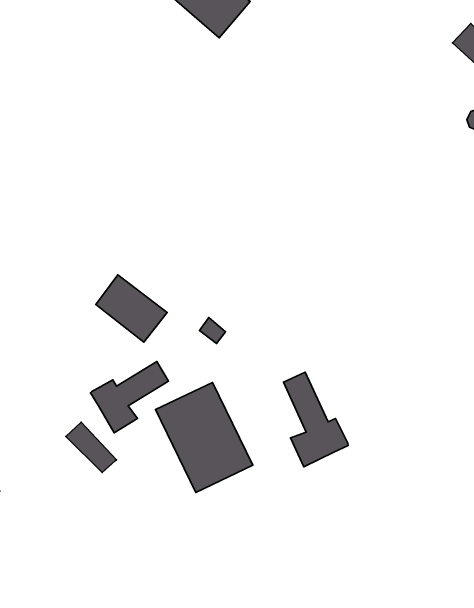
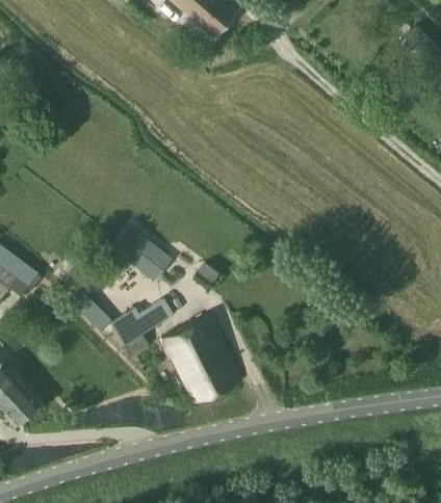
building: [283,372,348,467] -> none
building: [66,422,116,473] -> [71,292,111,333]

